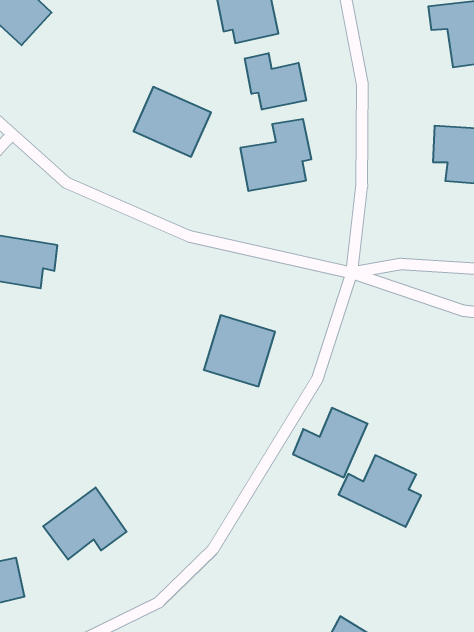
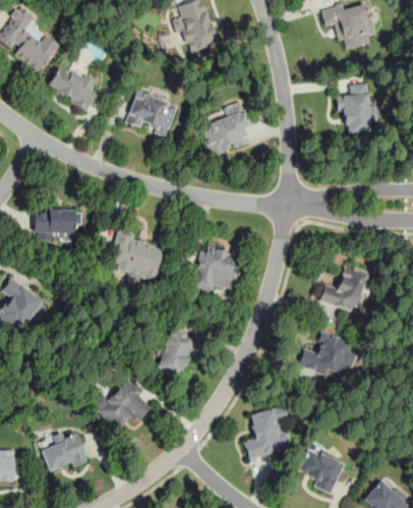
building: none -> [45,66,96,112]
building: [245,53,306,110] -> none
building: none -> [108,228,163,280]
building: [293,408,368,477] -> [319,266,369,314]
building: none -> [151,328,199,382]
building: none -> [242,405,288,460]

